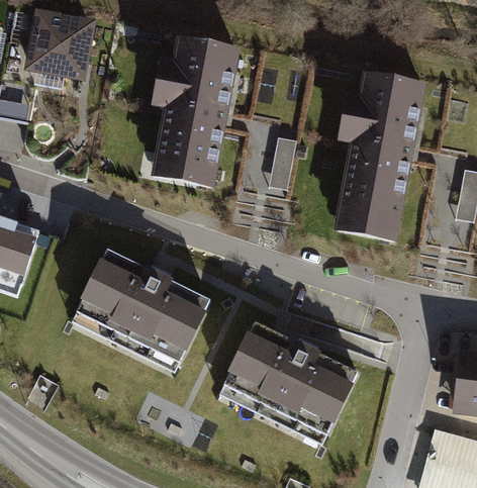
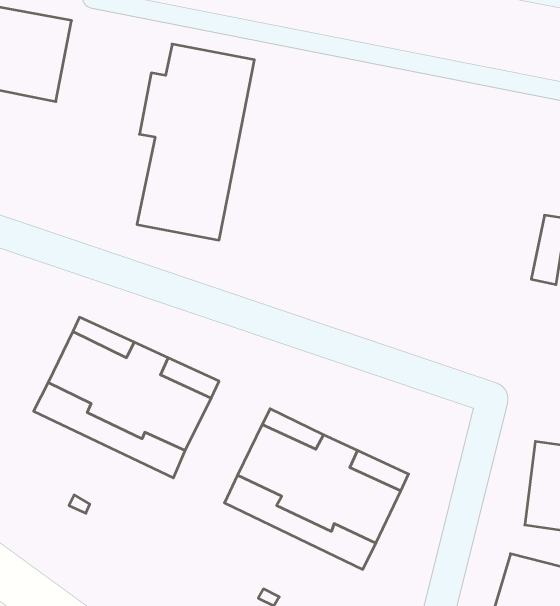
building: [330,71,430,246] -> none
building: [266,136,295,189] -> none

